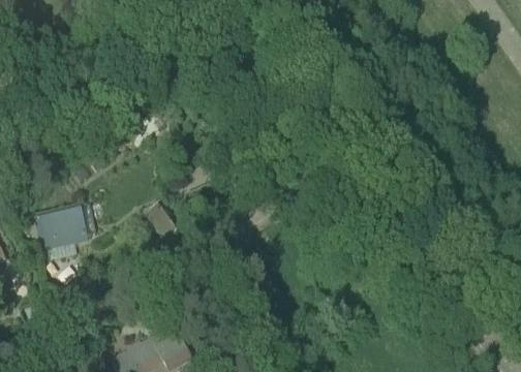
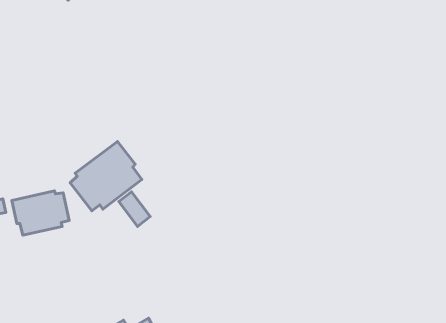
building: none -> [70,141,142,211]

